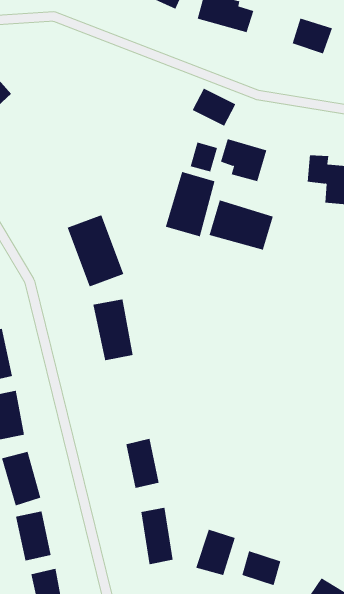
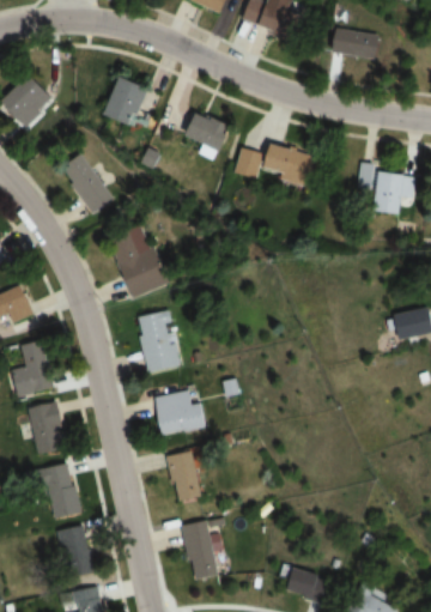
building: none -> [104,77,150,127]
building: [192,88,236,126] -> [186,111,231,151]
building: none -> [61,152,111,213]
building: [165,171,215,237] -> none
building: [209,200,273,250] -> none
building: none -> [156,392,206,434]
building: [196,529,235,576] -> none

